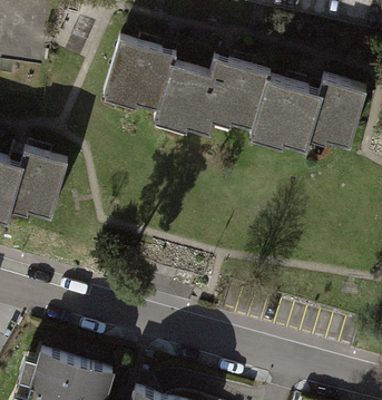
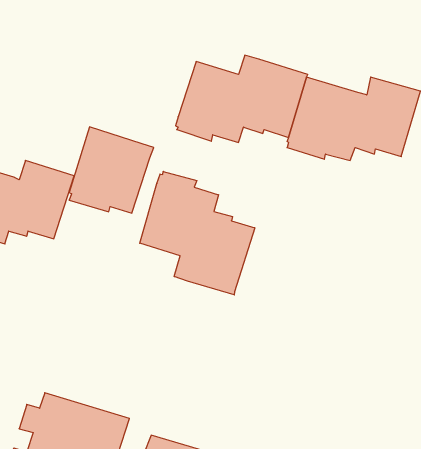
building: [104,32,177,107] -> [69,127,154,213]
building: none -> [140,171,255,295]

